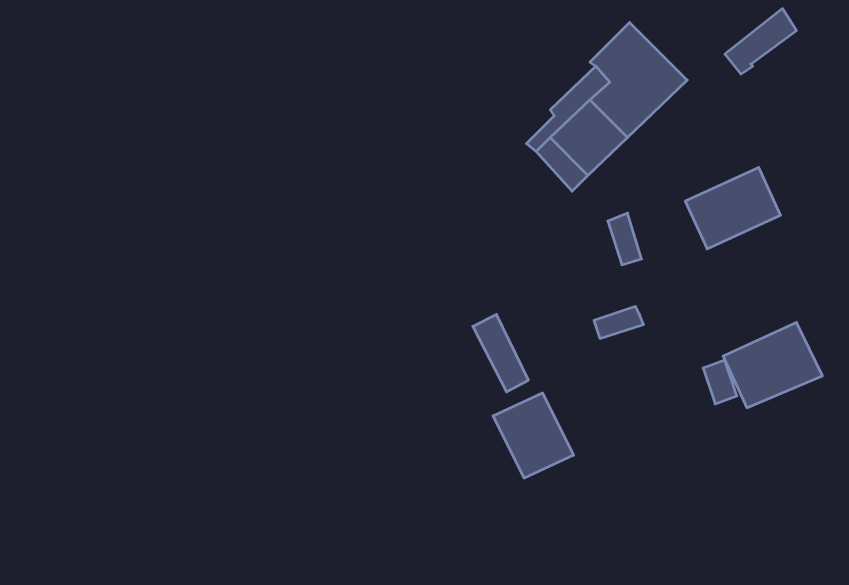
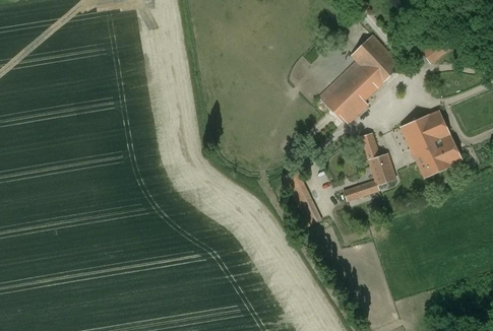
building: none -> [368,153,395,185]
building: [723,322,822,408] -> [412,134,463,178]
building: [493,393,574,478] -> none

